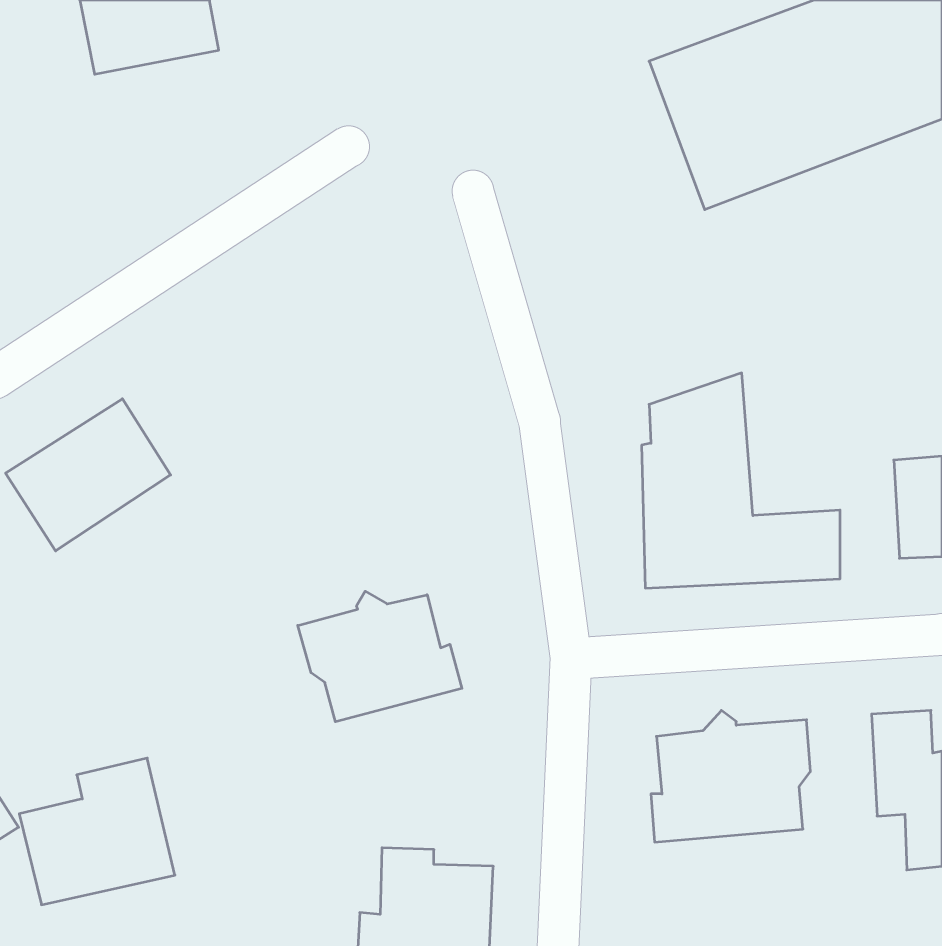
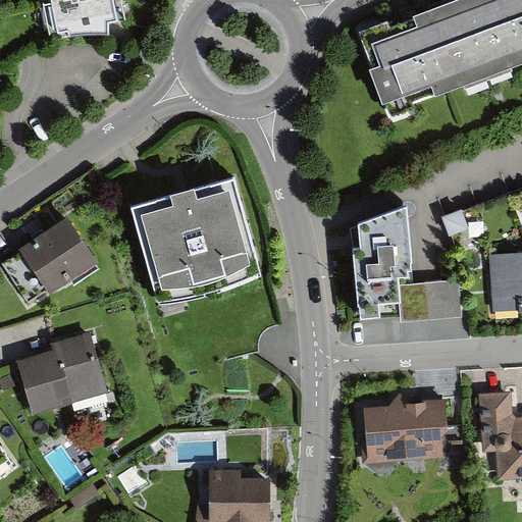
building: none -> [134,177,259,298]
building: [298,591,462,722] -> none
building: [19,758,175,905] -> [19,330,105,411]

